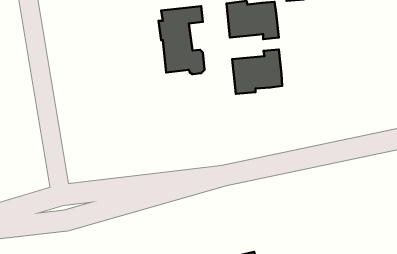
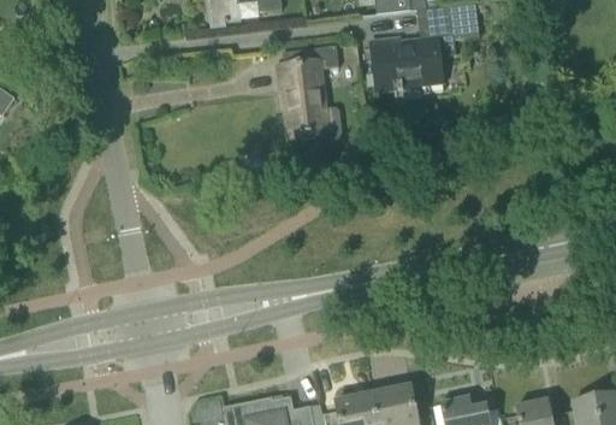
building: [232,49,282,94] -> none

